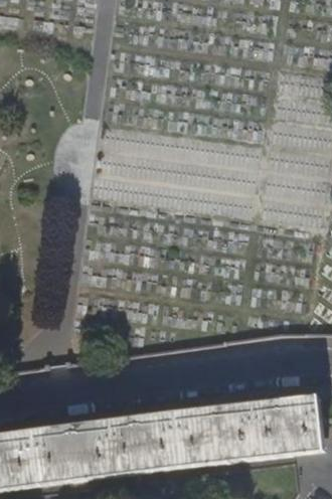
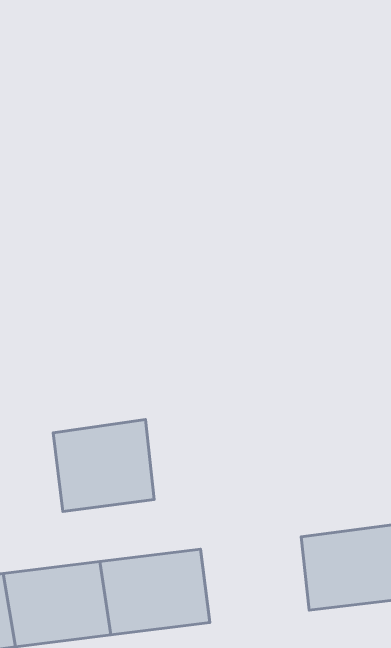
building: none -> [53,419,154,511]
building: [180,403,261,467] -> none

